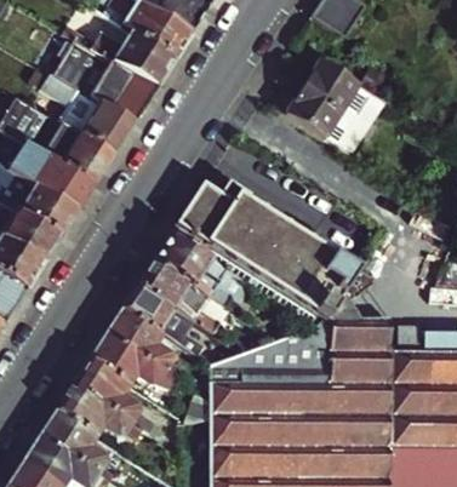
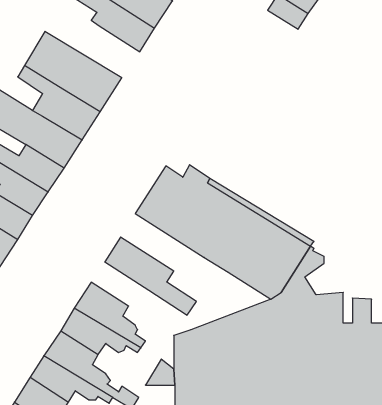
building: [61,27,172,90] -> none
building: [272,61,382,155] -> none
building: [152,235,241,308] -> none
building: [120,287,227,366] -> none

